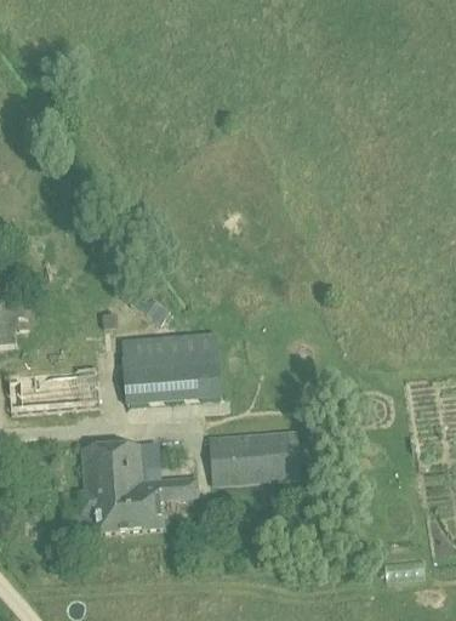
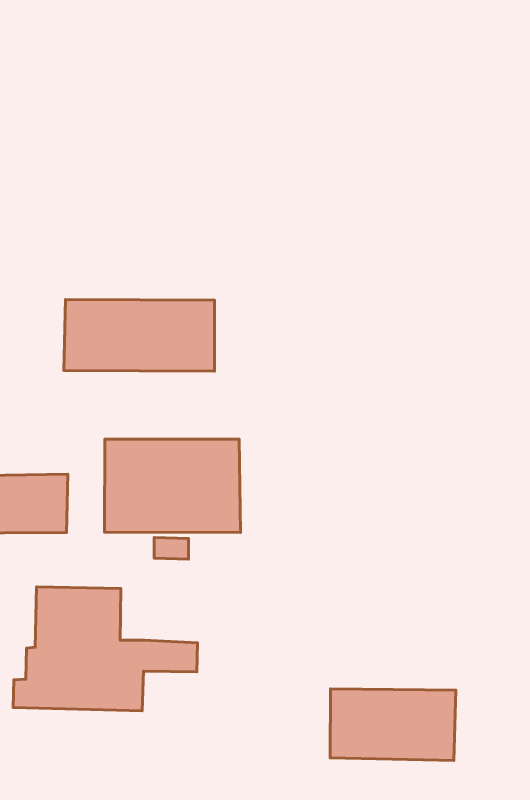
building: none -> [64,300,214,371]
building: [210,429,301,484] -> [330,689,456,761]

